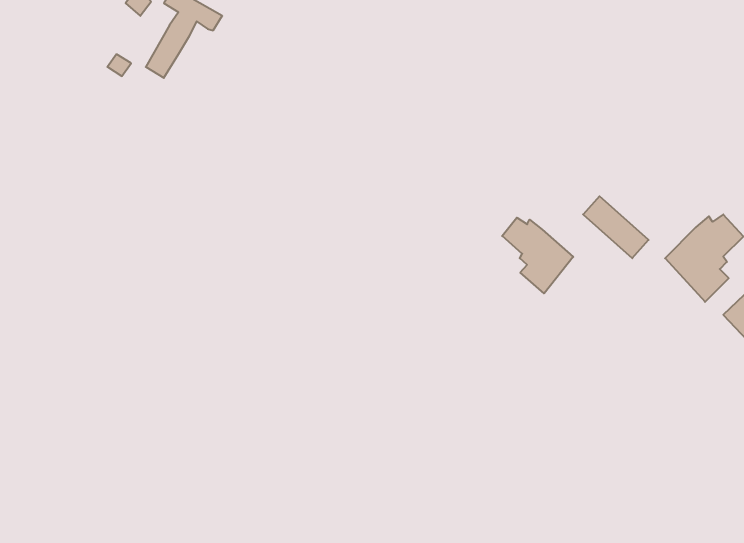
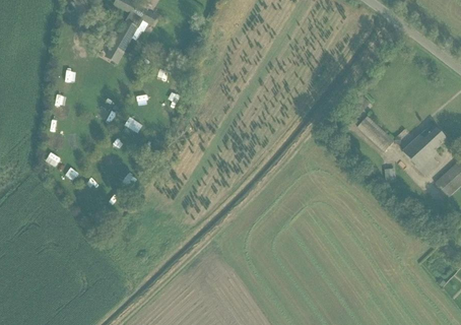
building: [502,218,573,293] -> none

